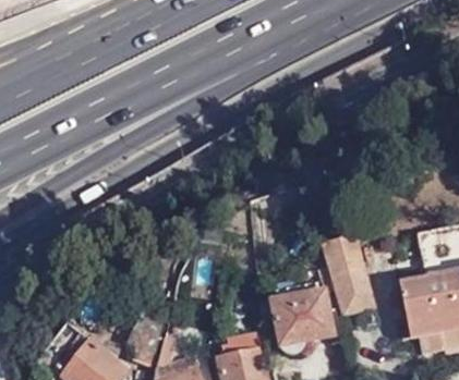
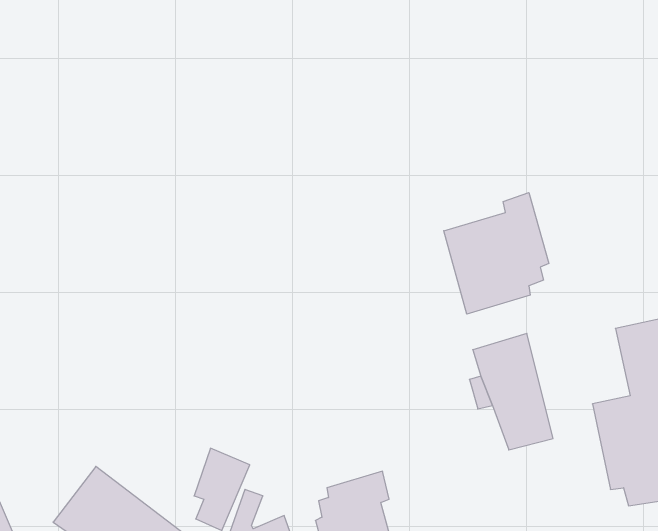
building: none -> [444,193,549,314]
building: [274,291,335,356] -> none

